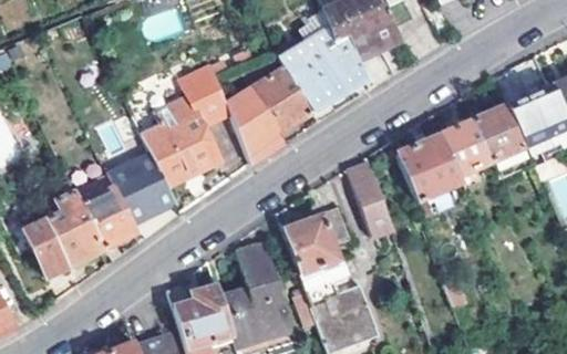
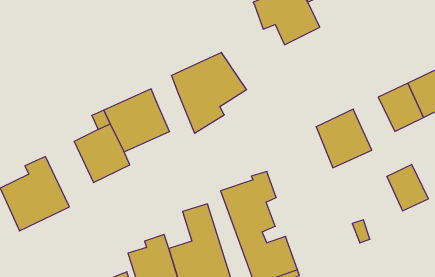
building: [275,11,368,111] -> none
building: [185,63,233,125] -> none
building: [442,119,492,175] -> [387,164,428,211]
building: [349,168,394,242] -> none
building: [74,173,136,248] -> none

